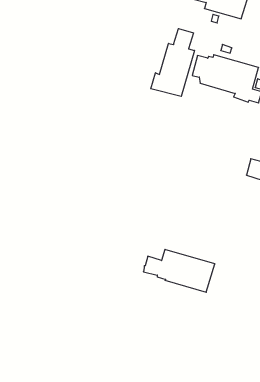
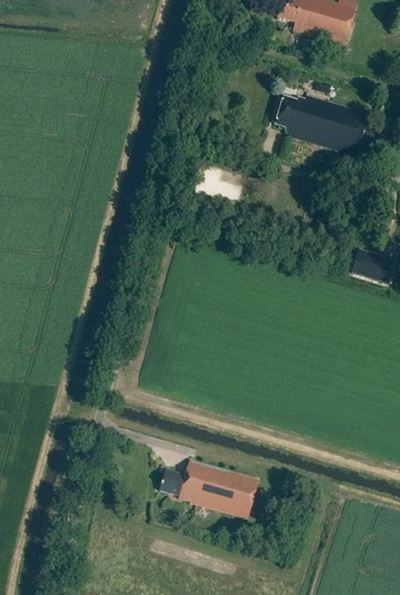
building: [151,29,194,96] -> none
building: [143,249,215,292] -> [159,460,259,520]

